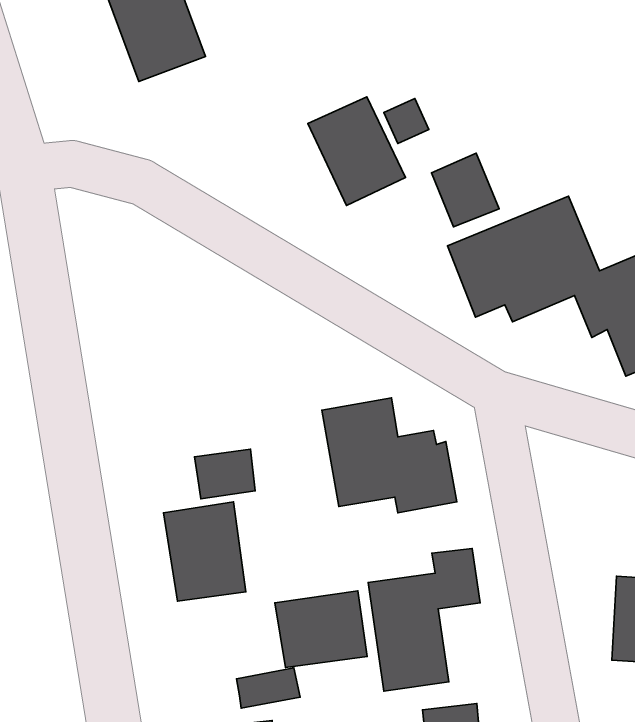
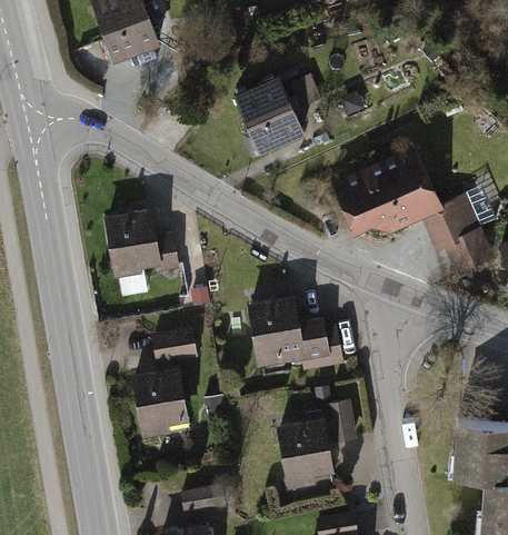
building: [432,153,499,227] -> none
building: none -> [103,205,182,298]
building: [275,591,367,668] -> none

